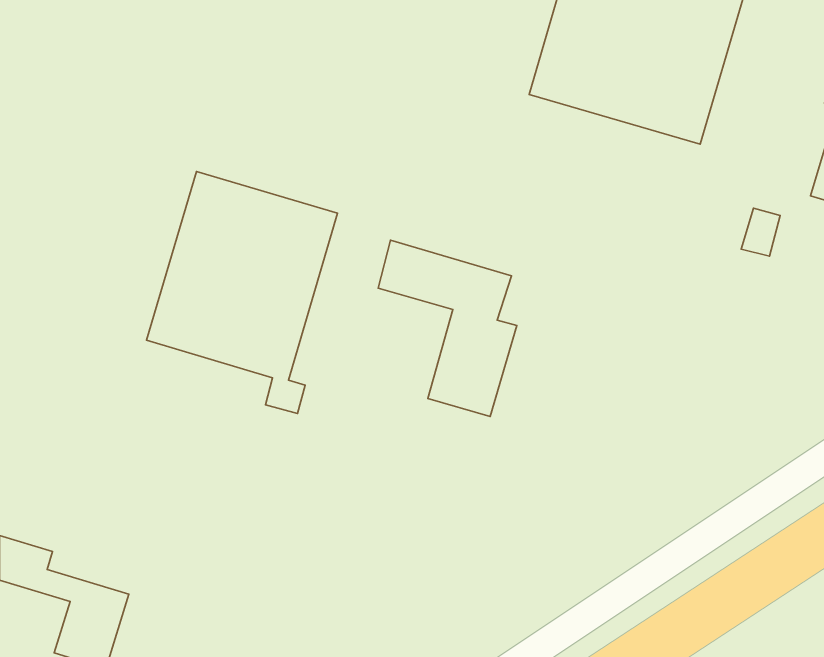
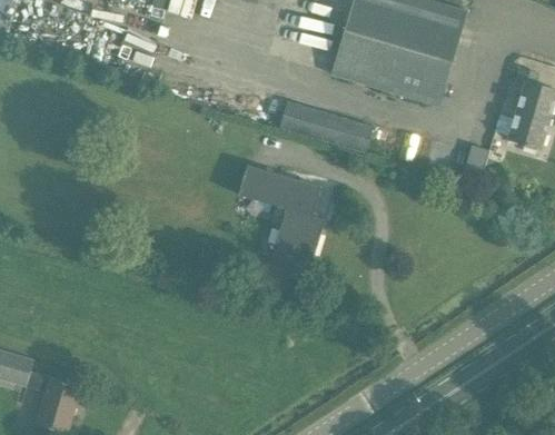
building: none -> [279,101,371,151]
building: [146,172,338,413] -> none

